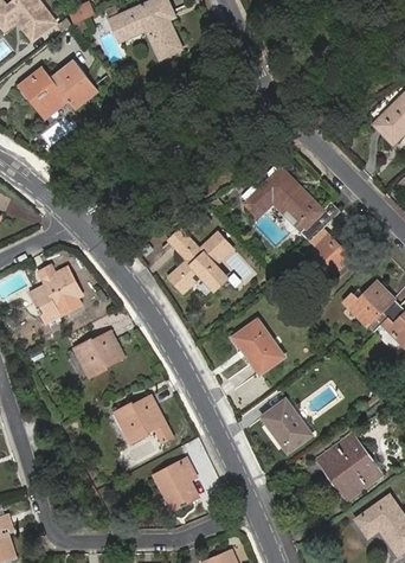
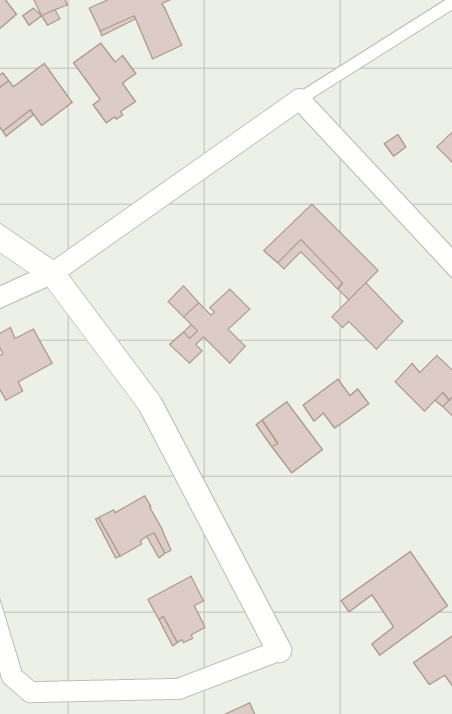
building: none -> [74,43,136,123]
building: none -> [303,379,369,428]
building: [73,328,122,373] -> none
building: [264,399,314,454] -> none

